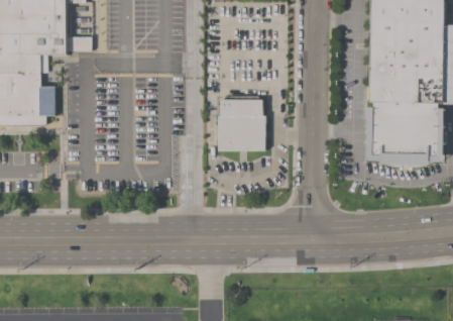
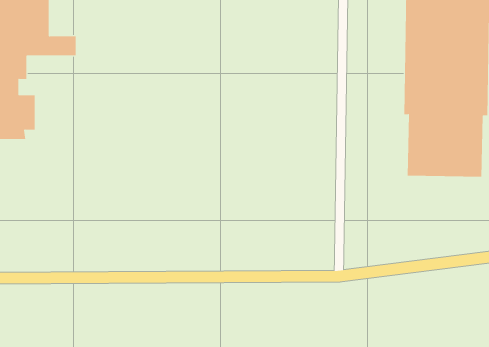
building: [216,99,264,151] -> none

